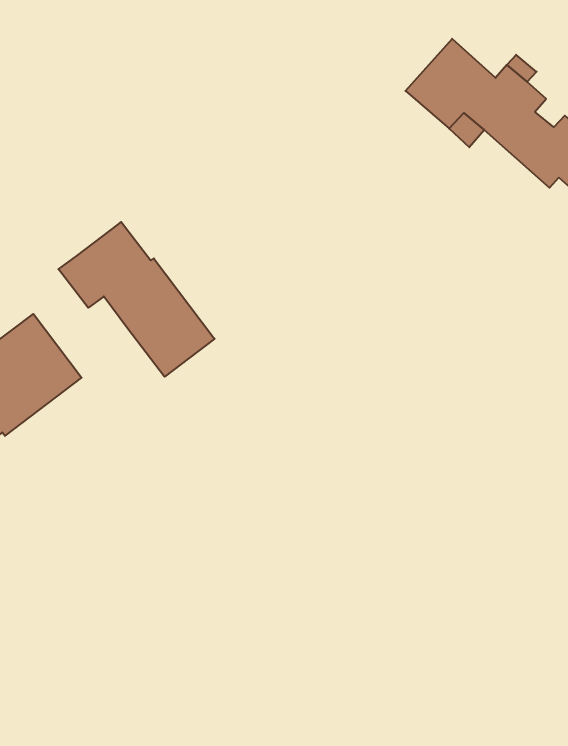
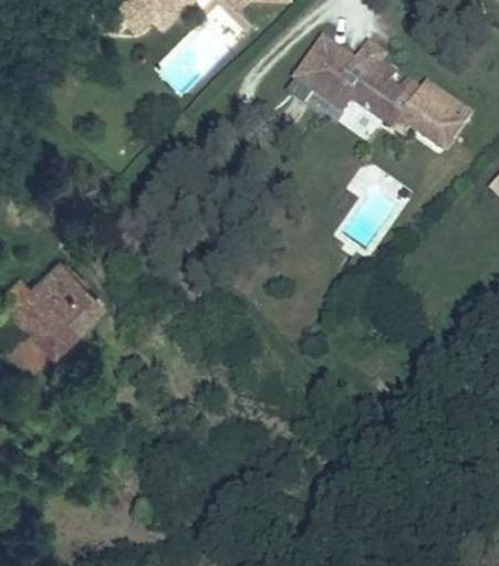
building: [58,222,215,377] -> none

